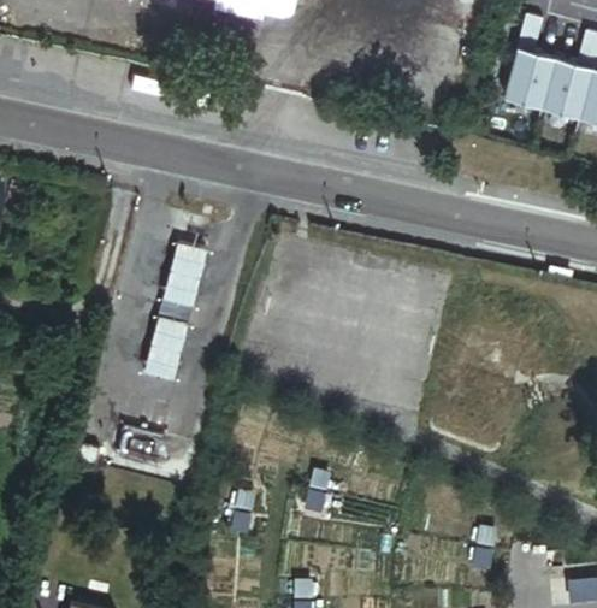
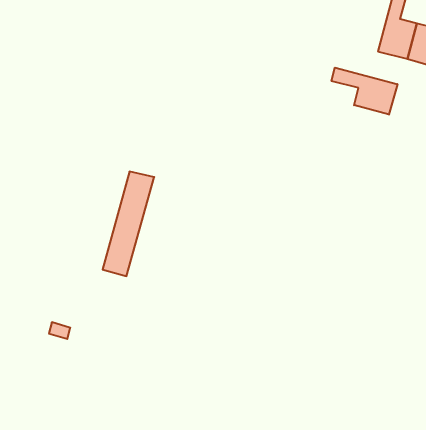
building: none -> [332,68,397,115]

